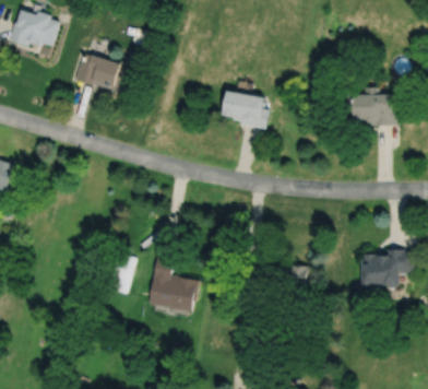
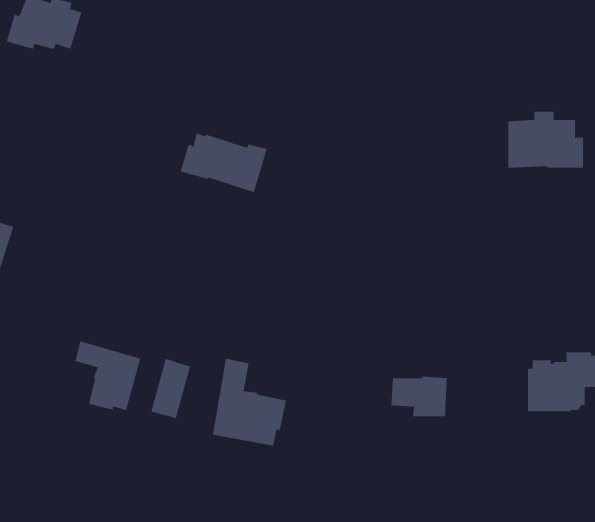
building: [73,54,132,94] -> [180,133,268,193]
building: [223,91,269,129] -> none
building: none -> [75,341,141,411]

